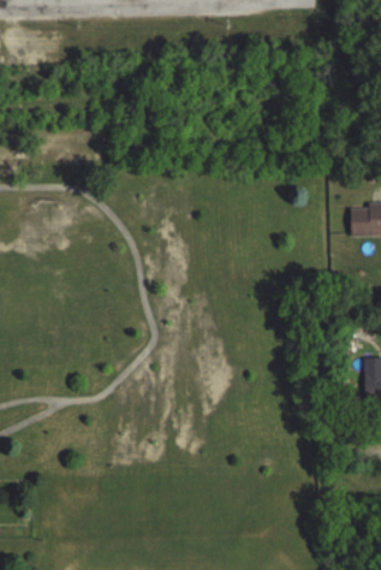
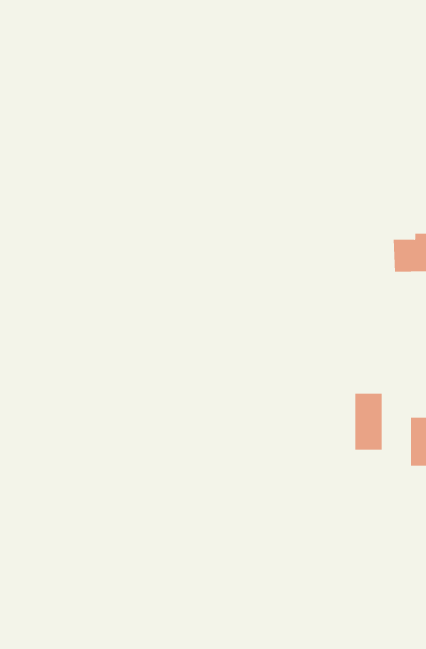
building: none -> [355,393,382,450]

